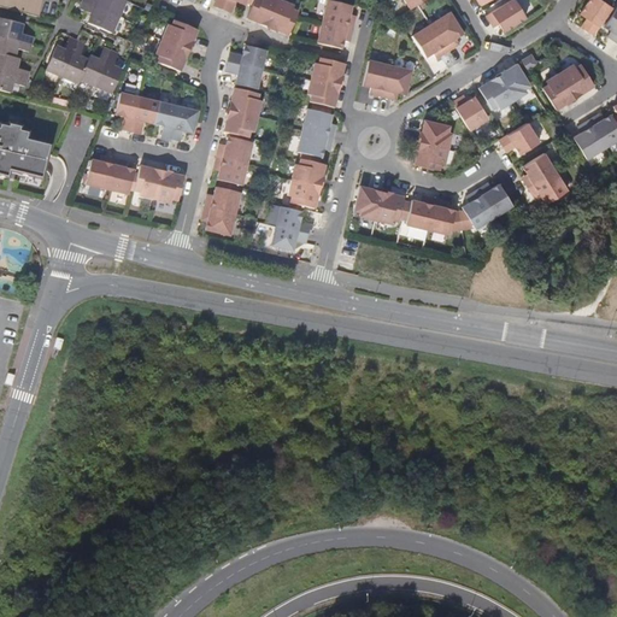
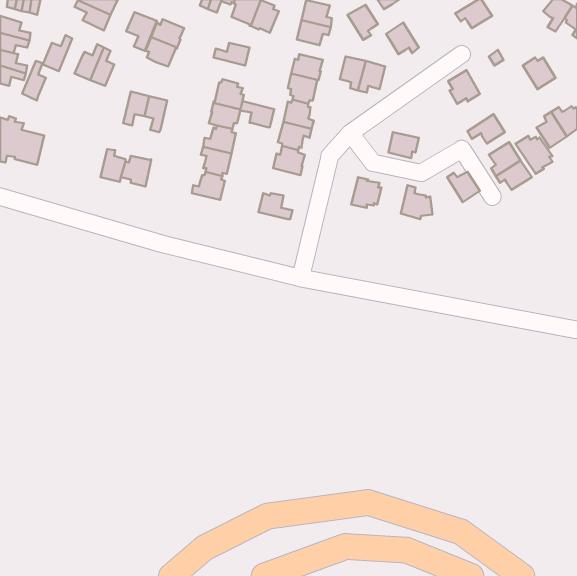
building: none -> [126,12,157,51]
building: [430,13,463,51] -> [347,5,378,40]
building: [63,41,88,83] -> [22,61,46,100]
building: [225,61,262,89] -> [240,101,274,127]
building: [496,63,530,100] -> none
building: [541,70,575,107] -> none
building: [114,93,140,131] -> none
building: [453,96,489,130] -> none
building: [171,107,198,141] -> none
building: [418,118,452,147] -> none
building: none -> [515,136,553,174]
building: [86,157,114,189] -> none
building: [155,170,183,202] -> none
building: [288,180,321,208] -> none
building: [354,184,382,218] -> none
building: [459,189,494,229] -> none
building: [402,195,435,228] -> none
building: [202,206,235,235] -> none
building: [271,227,307,251] -> none

